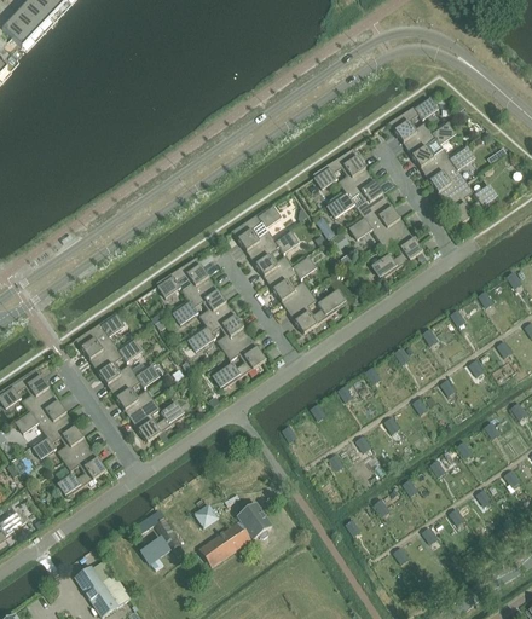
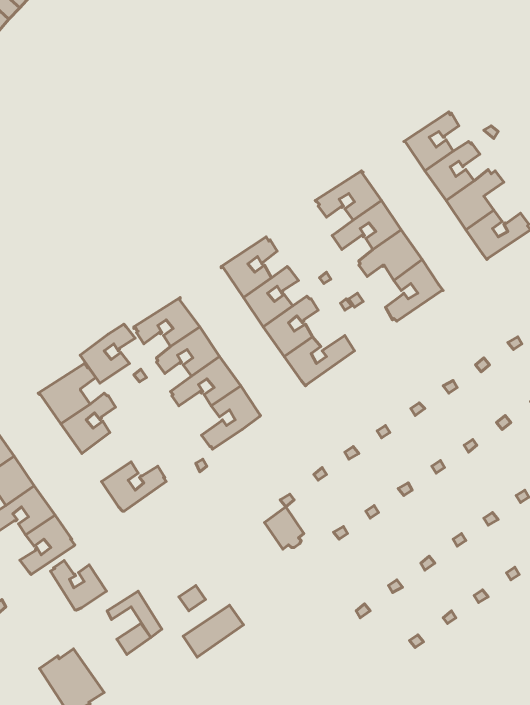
building: [111,365,158,416] -> [80,324,135,383]
building: none -> [51,560,107,610]
building: [237,503,271,539] -> [265,507,304,549]

